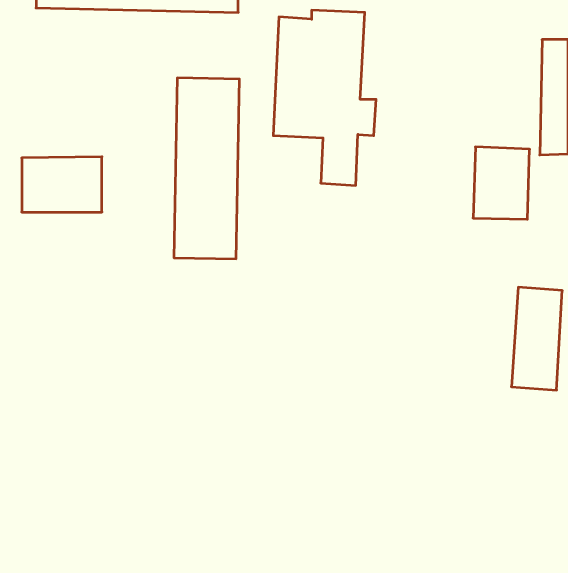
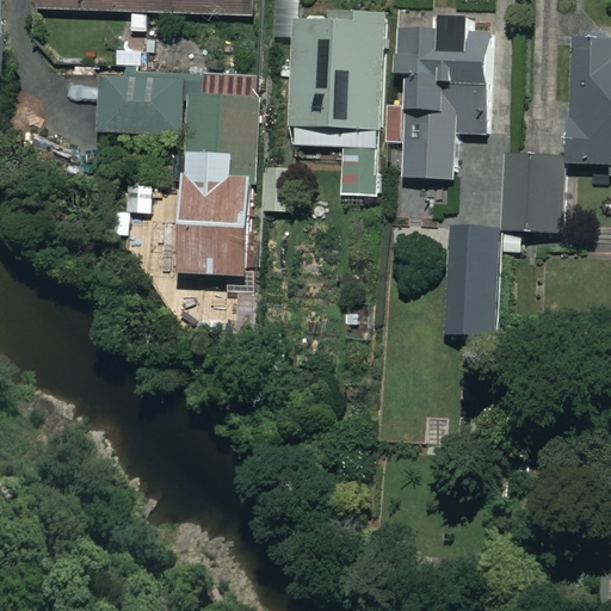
building: none -> [396,19,489,178]
building: [22,157,102,212] -> [98,73,183,131]
building: [511,287,562,390] -> [442,227,495,335]

